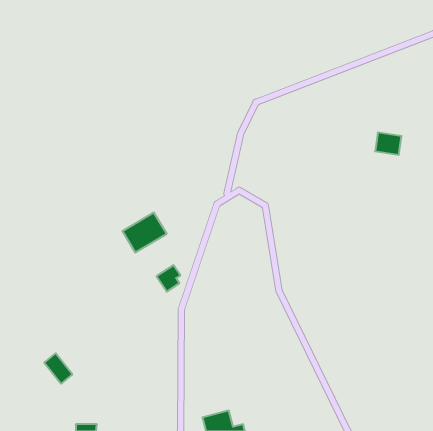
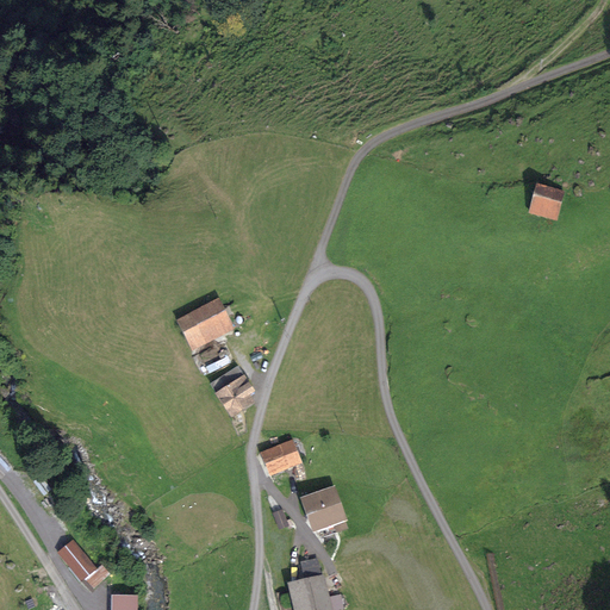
building: none -> [266,438,301,468]
building: none -> [298,488,347,533]
building: [44,353,72,384] -> [57,540,97,583]

